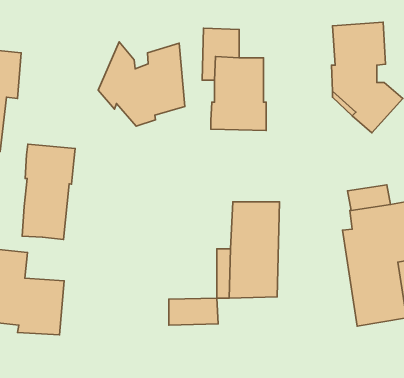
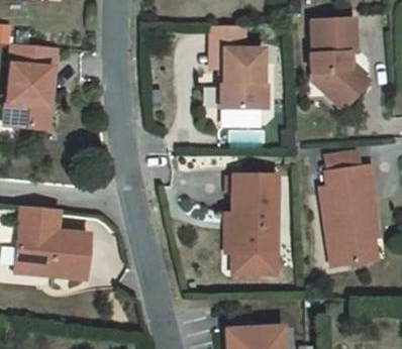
building: [98,42,185,126] -> none
building: [22,144,75,240] -> none
building: [169,298,218,325] -> [228,246,269,268]

